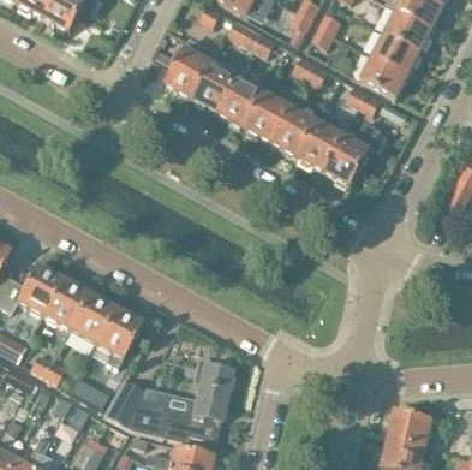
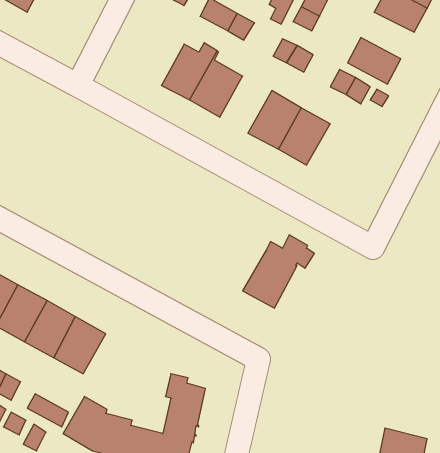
building: [371,32,419,75] -> none
building: [163,37,216,99] -> none
building: [244,90,291,142] -> none
building: [322,120,387,186] -> [243,235,314,308]

